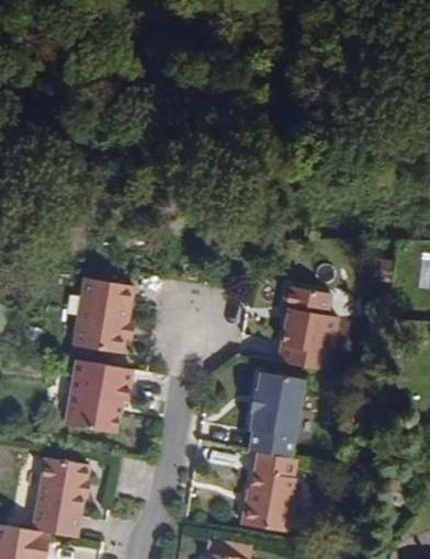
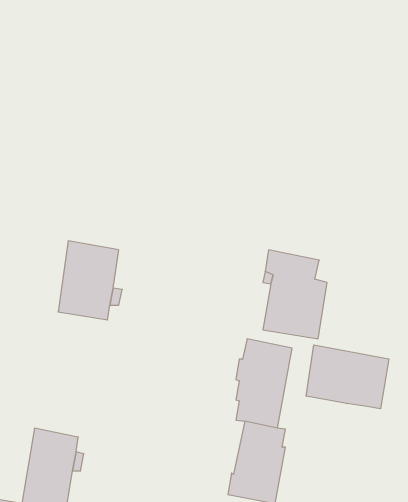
building: [66,357,133,431] -> none
building: none -> [306,345,389,409]

